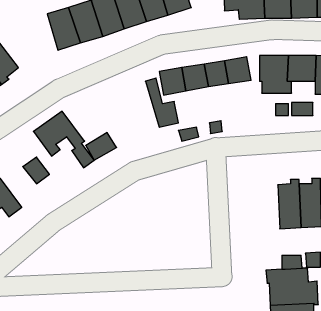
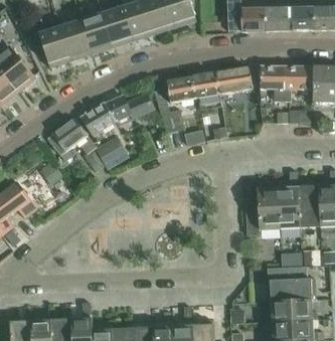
building: none -> [26,24,70,68]
building: none -> [80,95,154,137]
building: none -> [245,184,280,235]

